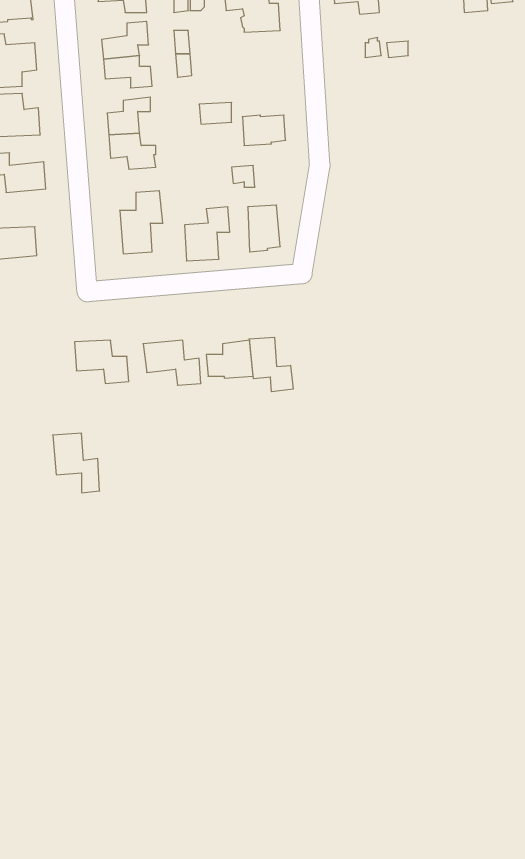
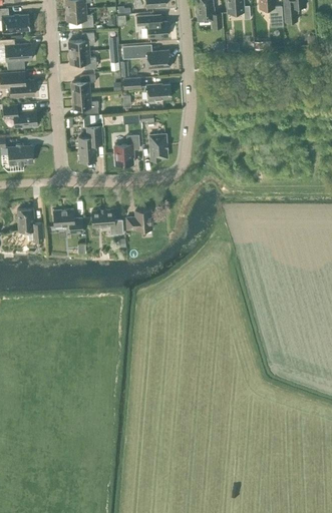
building: none -> [122,43,171,69]
building: [249,337,293,392] -> none
building: [53,433,100,493] -> [17,207,43,240]

